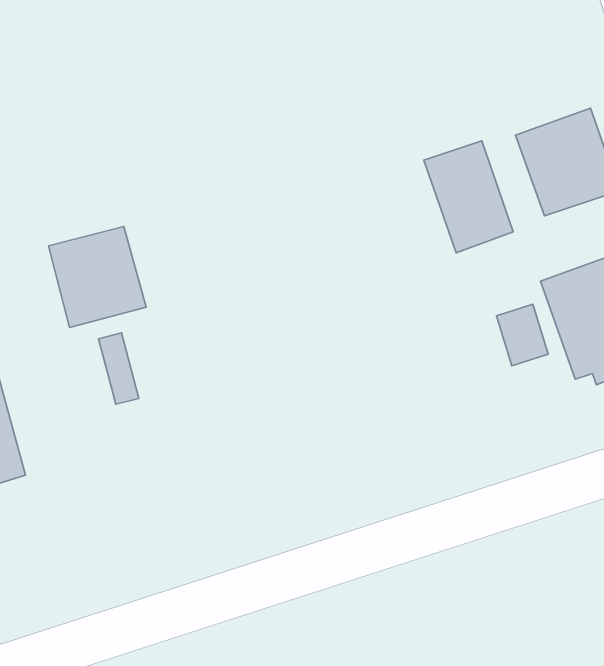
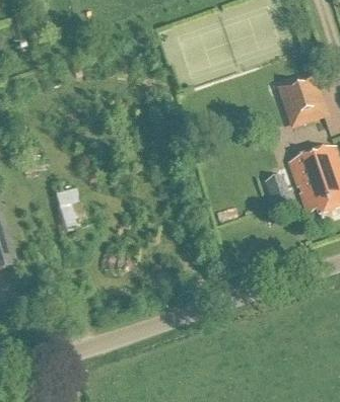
building: [424,141,513,253] -> none
building: [48,227,146,327] -> none

